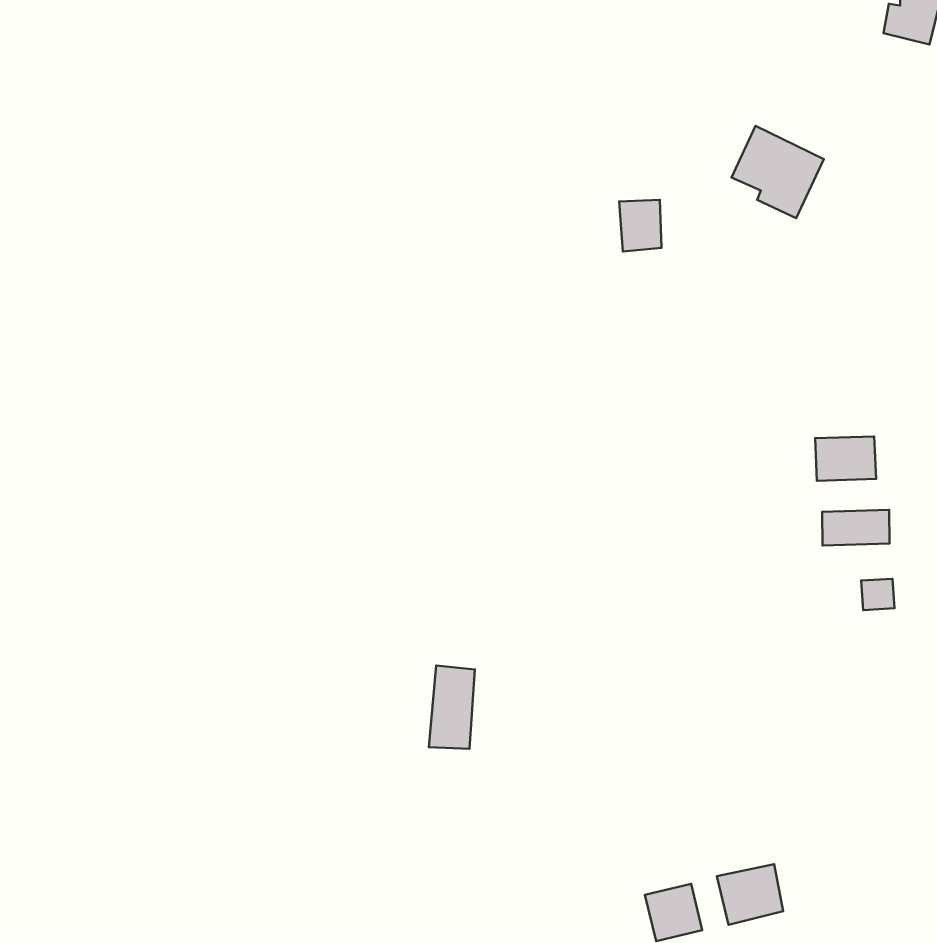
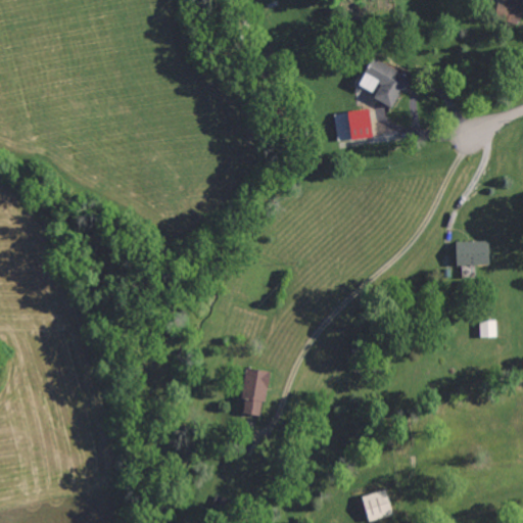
building: [731,126,824,218] -> [358,57,409,108]
building: [822,510,890,546] -> none
building: [717,864,783,925] -> none

